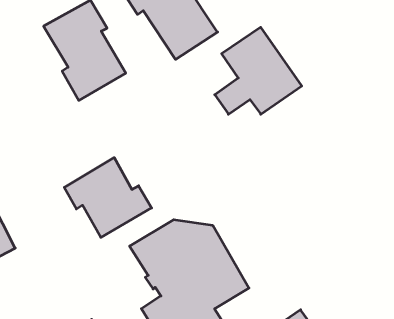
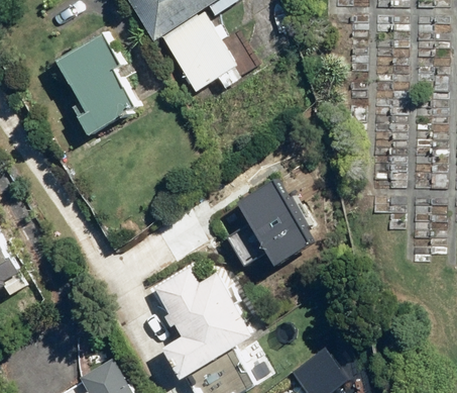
building: [215,27,302,114] -> [228,179,318,269]
building: [64,158,152,237] -> none

